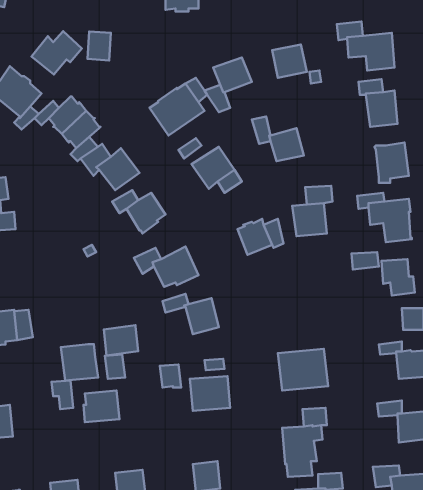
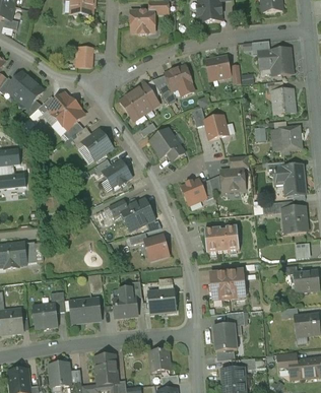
building: [31,31,82,74] -> none
building: none -> [204,225,240,253]
building: [104,325,138,355] -> [114,297,138,318]
building: [61,344,98,380] -> [33,304,59,329]

